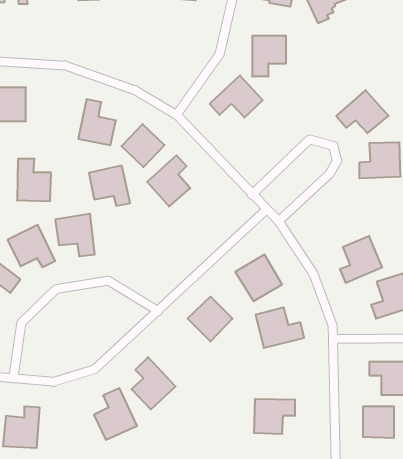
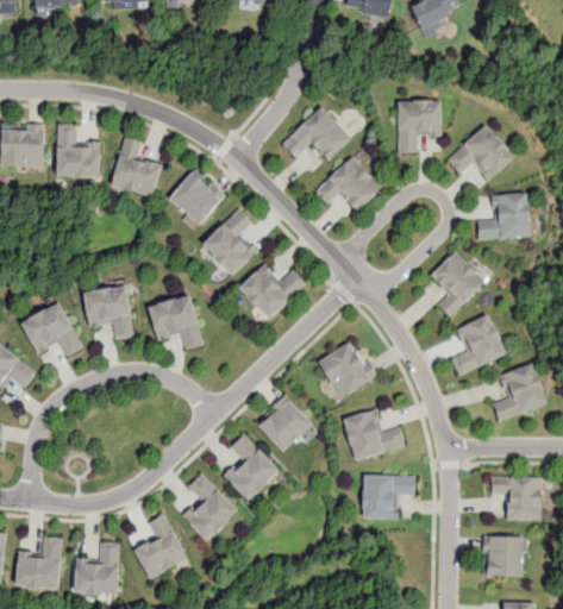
building: [252,36,286,76] -> [396,100,440,152]
building: none -> [315,157,381,212]
building: [17,159,51,201] -> [56,123,100,177]
building: [89,166,130,206] -> [149,296,202,349]
building: none -> [428,249,486,316]
building: none -> [238,265,306,321]
building: none -> [221,431,280,500]
building: [254,399,295,434] -> [361,473,414,519]
building: none -> [74,541,119,596]

